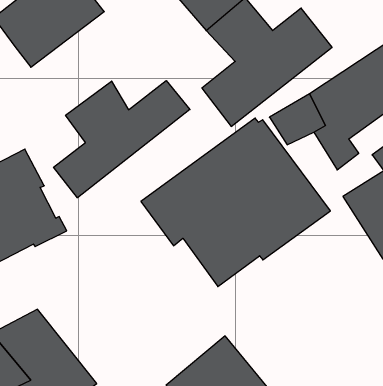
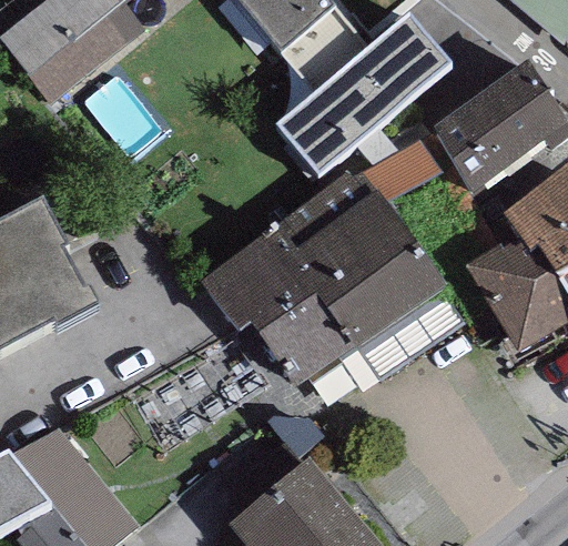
building: [54,81,190,198] -> none

